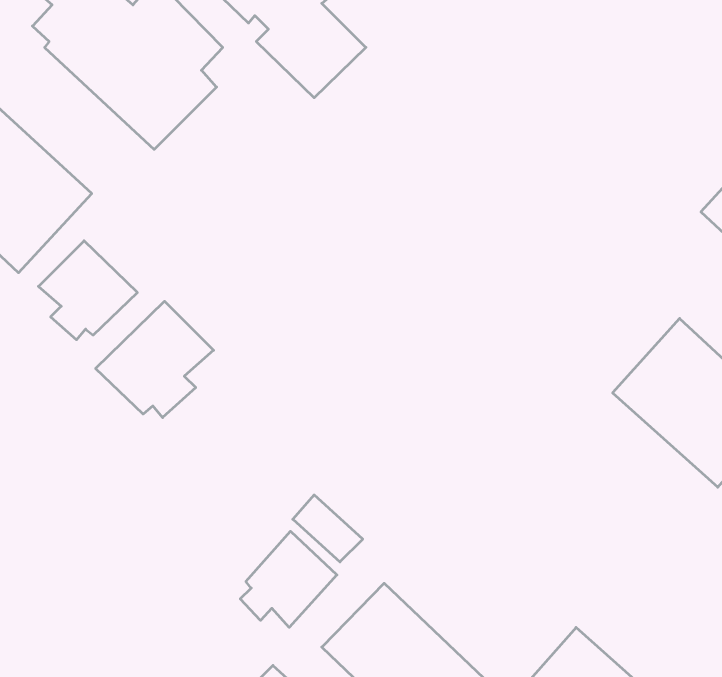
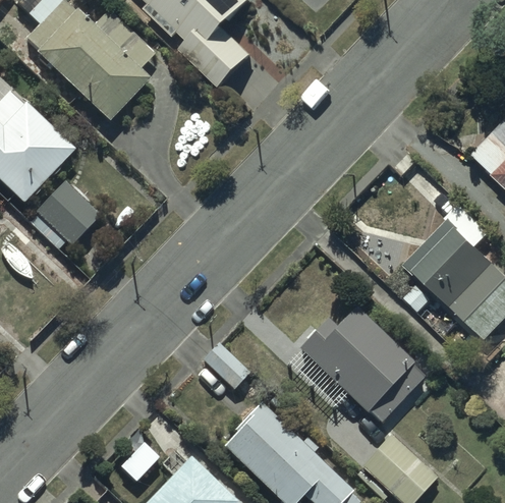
building: [96,301,214,418] -> none
building: none -> [297,312,416,422]
building: [240,531,337,627] -> none

